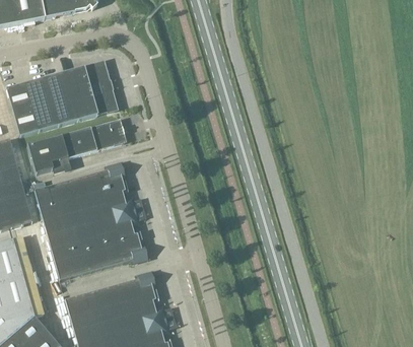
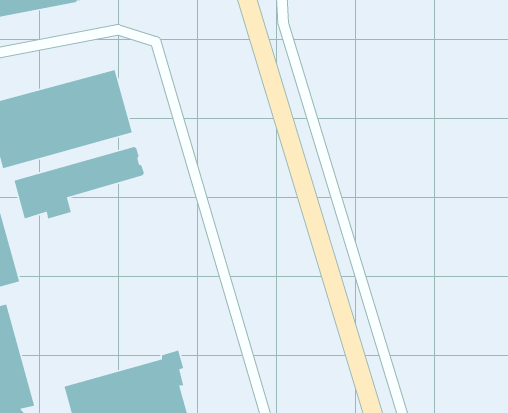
building: [33,163,146,280] -> none

